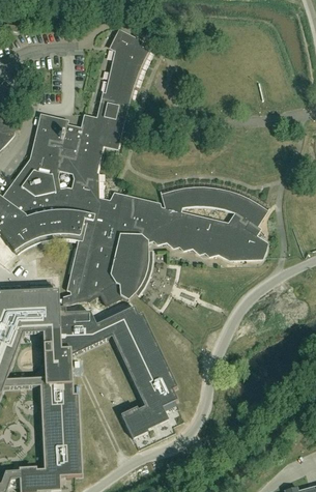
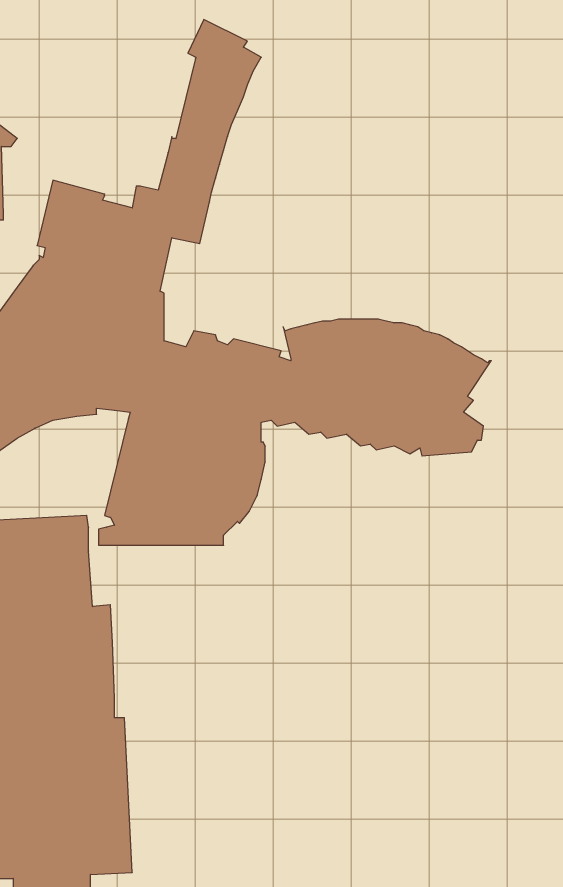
building: [59,307,177,439] -> none

